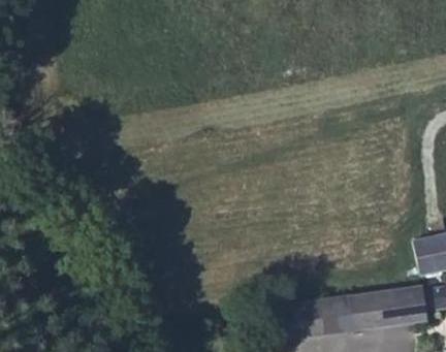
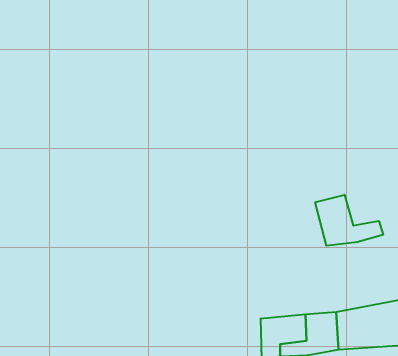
building: none -> [315,195,383,246]

